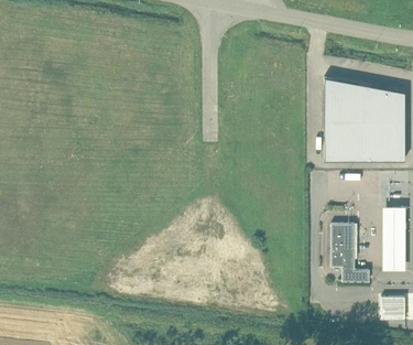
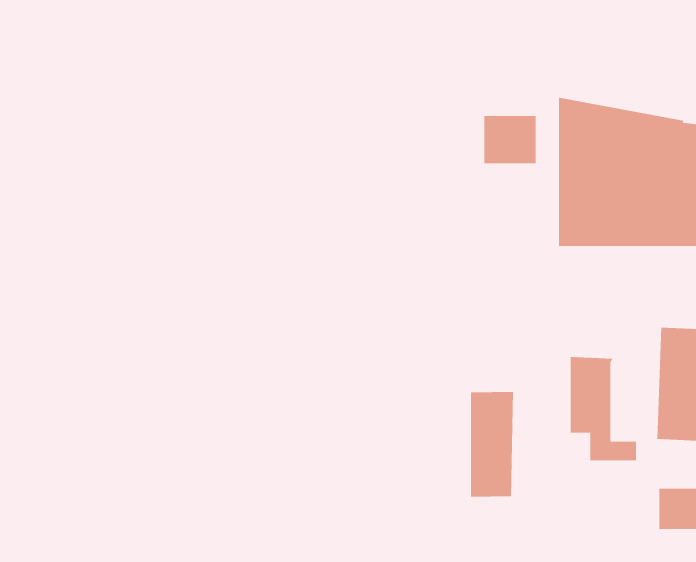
building: none -> [484,115,536,164]
building: none -> [470,391,513,497]

